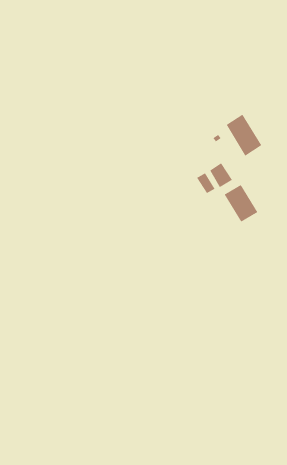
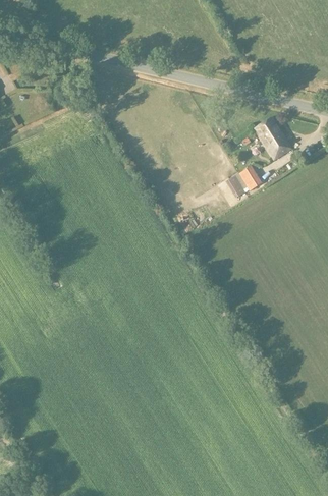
building: [224,184,258,222] -> none

